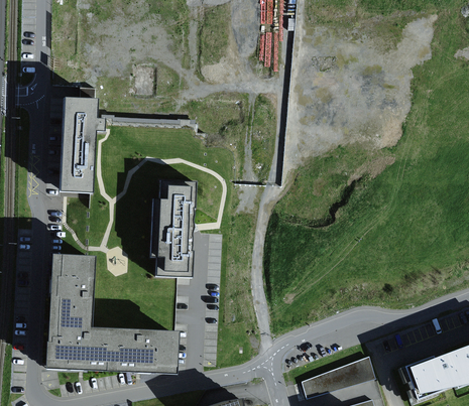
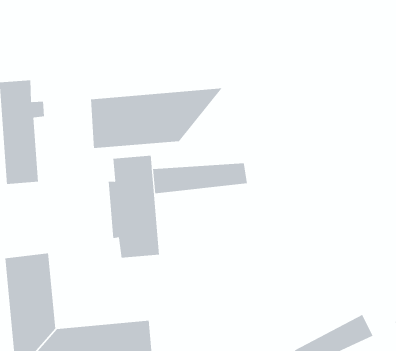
building: none -> [90,88,223,149]
building: none -> [153,162,247,194]

